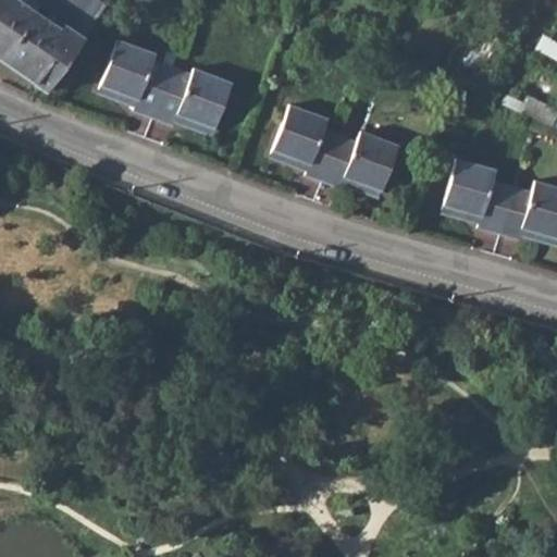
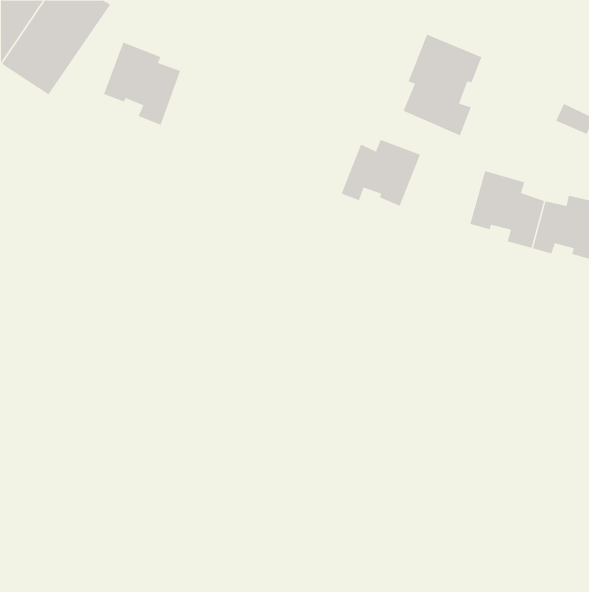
building: none -> [403,34,482,136]
building: [154,67,231,133] -> none
building: [273,106,342,183] -> none

